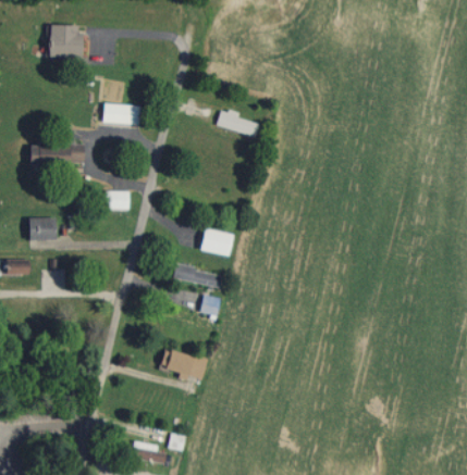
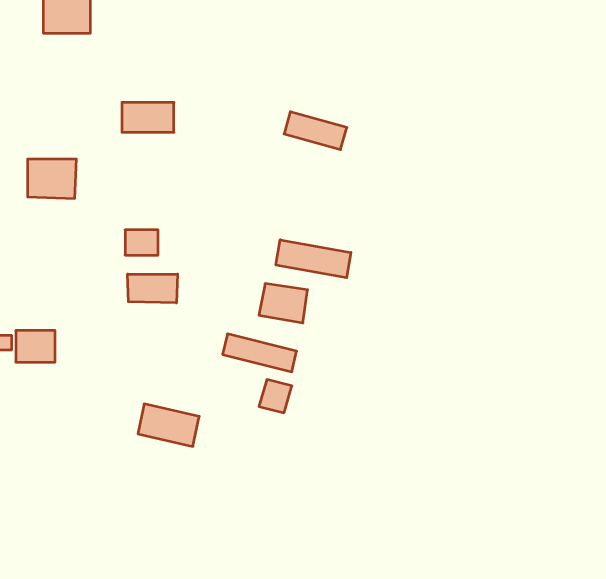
building: none -> [276,240,351,278]
building: [28,218,56,240] -> [16,331,55,362]
building: none -> [128,274,178,303]
building: [164,350,207,379] -> [138,404,199,446]

